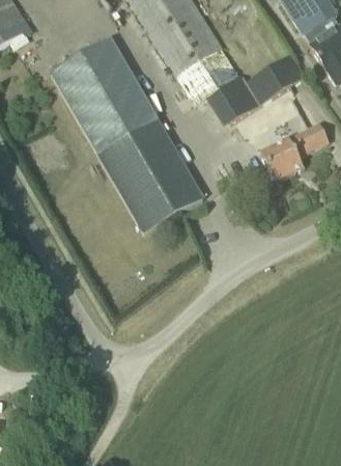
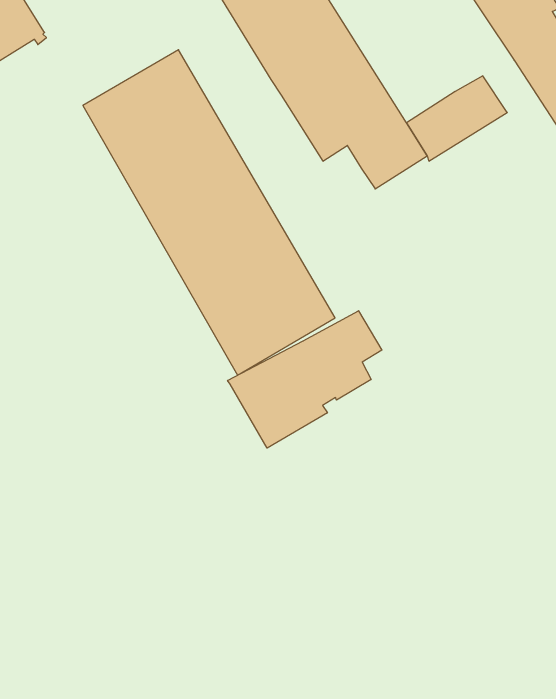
building: [259,122,326,180] -> none
building: none -> [228,311,382,448]

